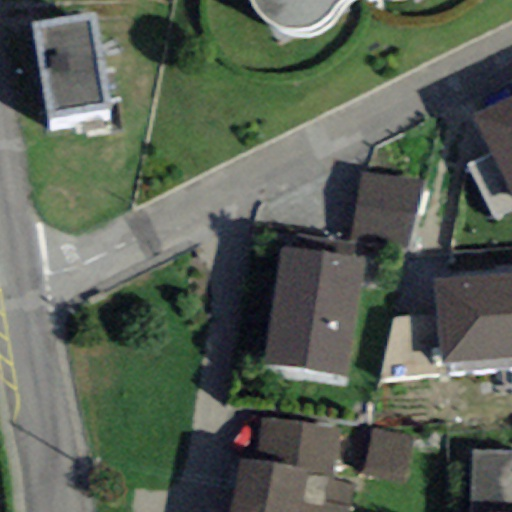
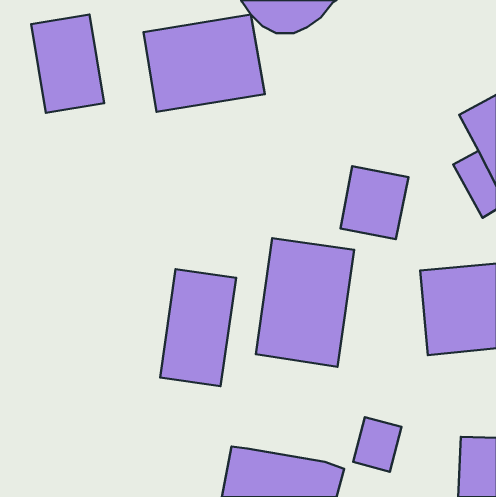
building: none -> [143,15,265,112]
building: none -> [160,269,236,386]
building: [255,418,342,475] -> none

